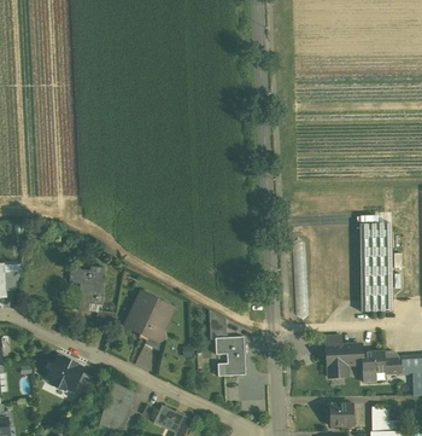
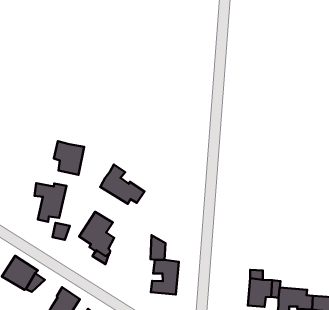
building: none -> [54,141,84,175]
building: [359,222,393,312] -> none
building: none -> [100,164,144,204]

